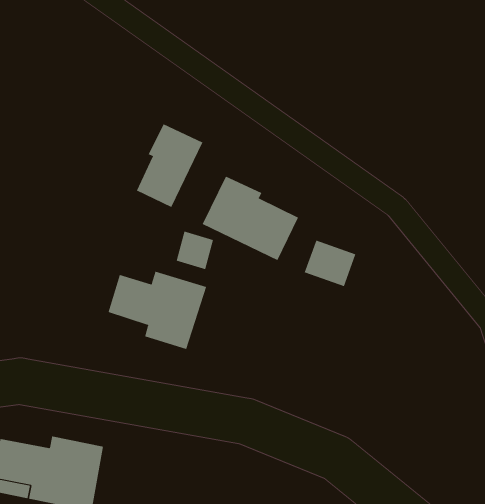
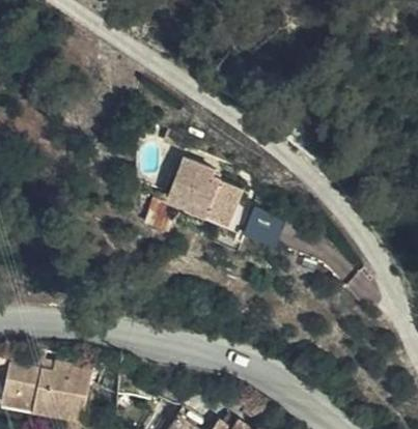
building: [136,123,203,208] -> none
building: [108,271,207,350] -> none

